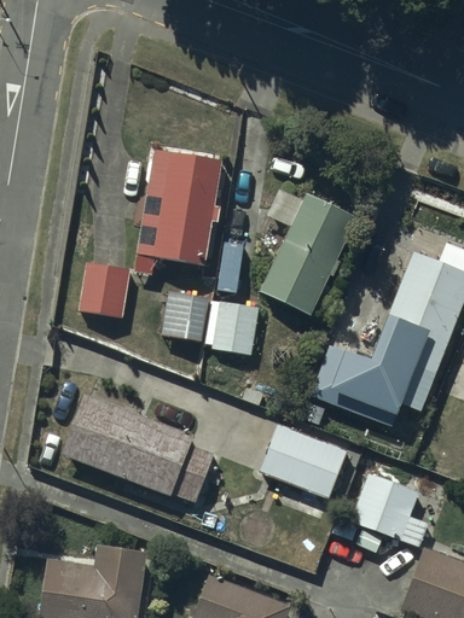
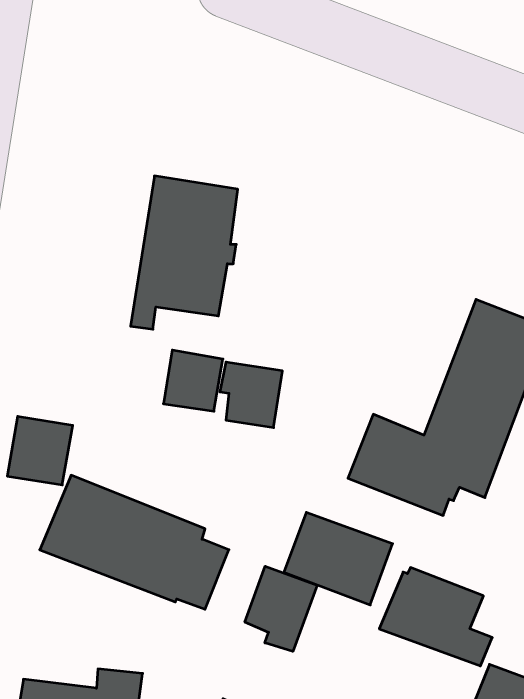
building: [261,190,358,315] -> none
building: [77,263,130,319] -> [7,416,73,485]
building: none -> [245,566,317,651]

